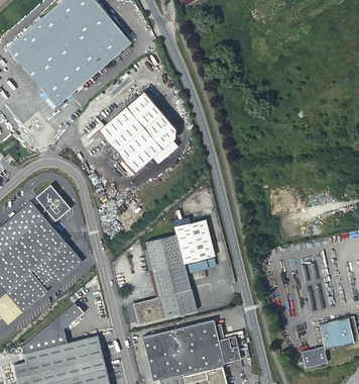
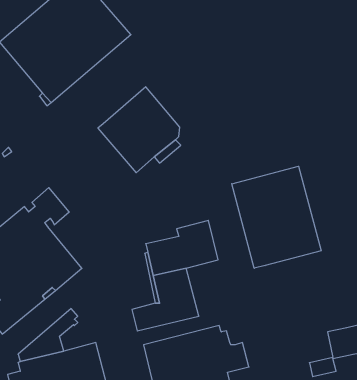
building: none -> [232,166,321,268]

